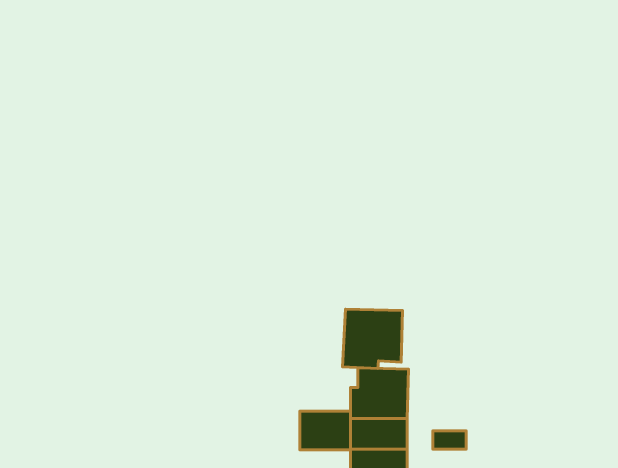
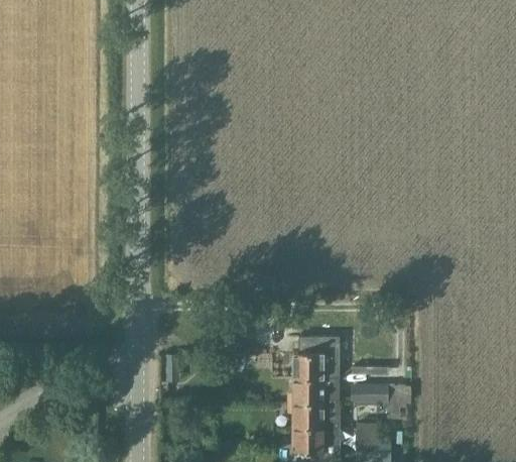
building: [342,309,402,368] -> none
building: [300,411,351,450] -> none

